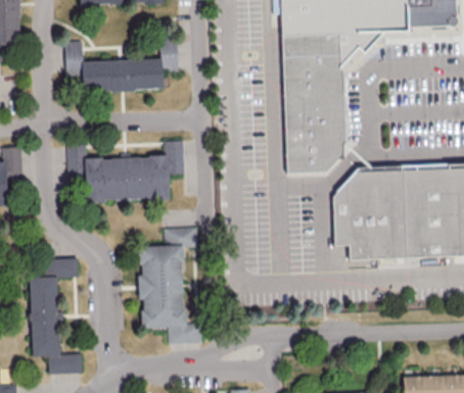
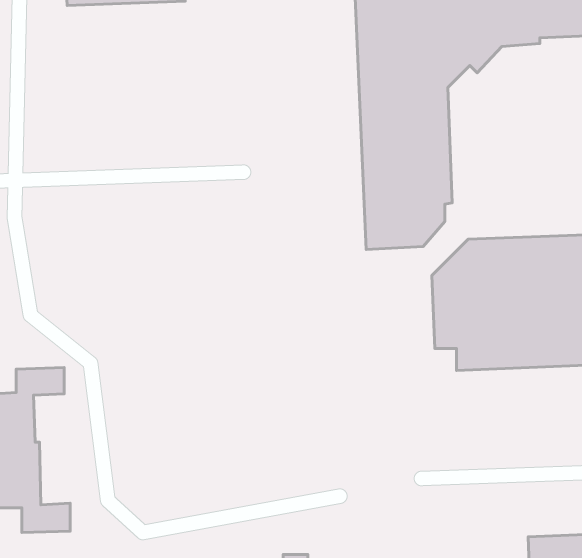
building: [64,41,178,91] -> none
building: [66,140,184,201] -> none
building: [137,227,200,344] -> none

